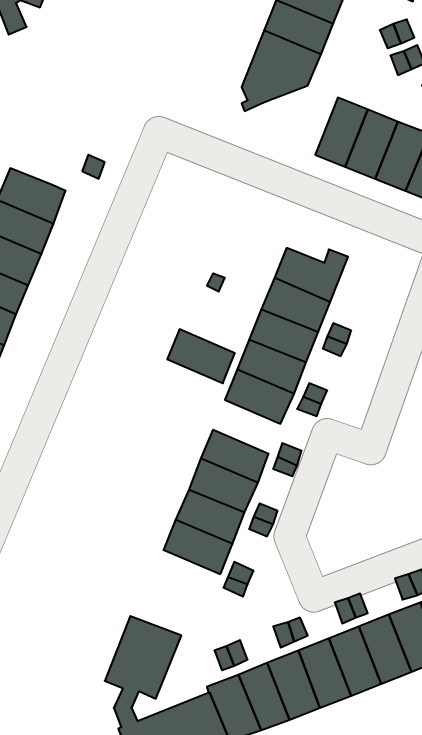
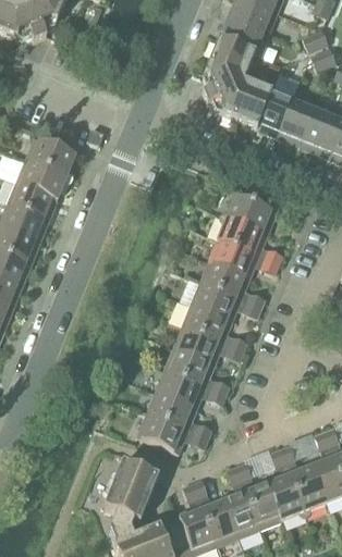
building: none -> [205,77,272,127]
building: [167,329,235,383] -> [182,305,231,344]
building: none -> [137,413,187,453]

